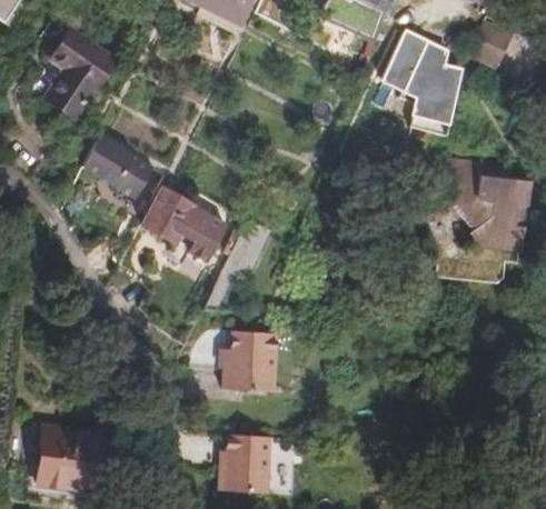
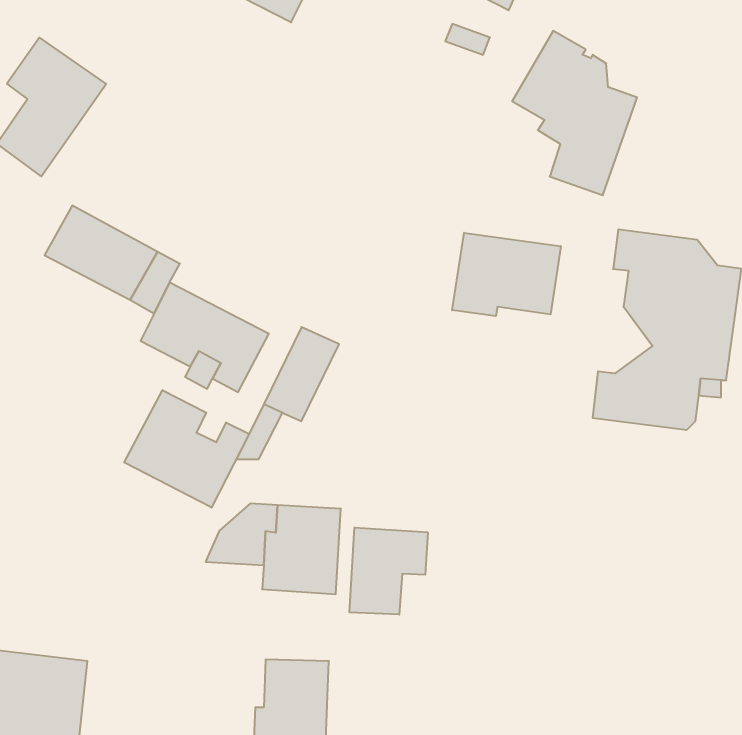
building: [470,22,512,66] -> none
building: none -> [452,233,561,316]
building: none -> [124,390,249,508]
building: none -> [350,527,428,615]

